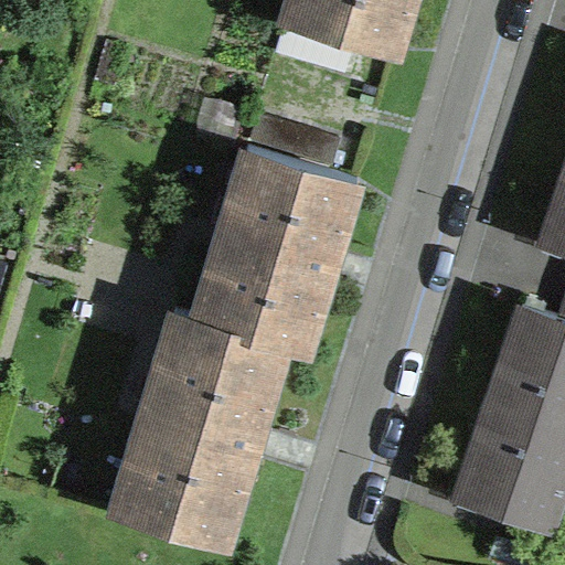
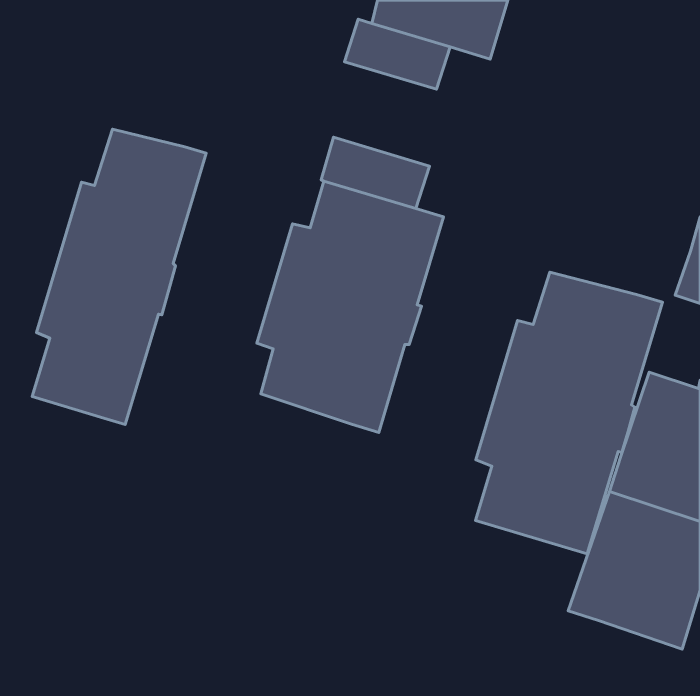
building: none -> [32,129,206,425]
building: none -> [475,272,662,554]
building: [128,315,282,543] -> none

